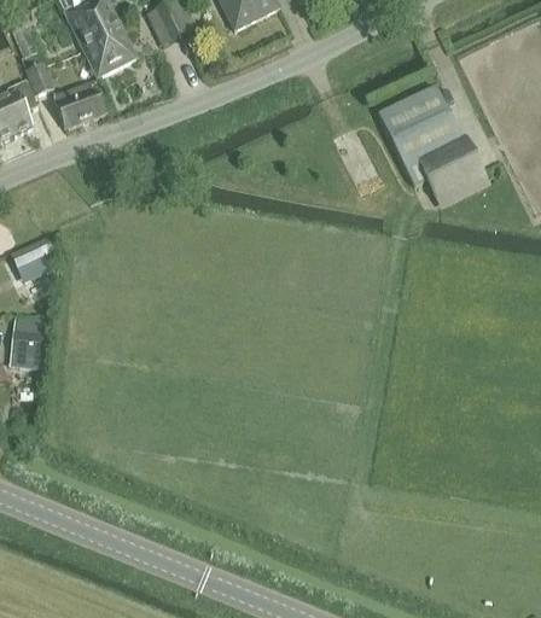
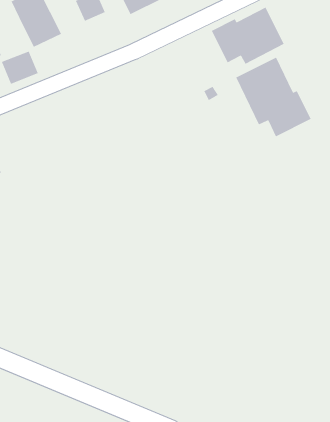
building: none -> [211,6,285,65]

